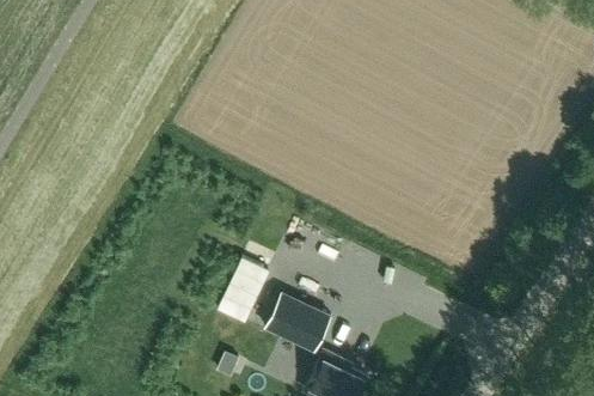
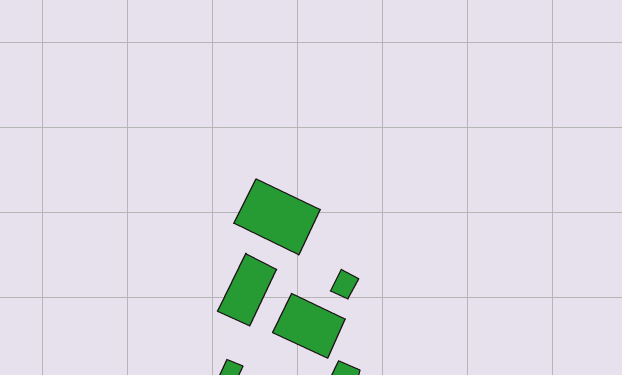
building: none -> [234,179,320,255]

